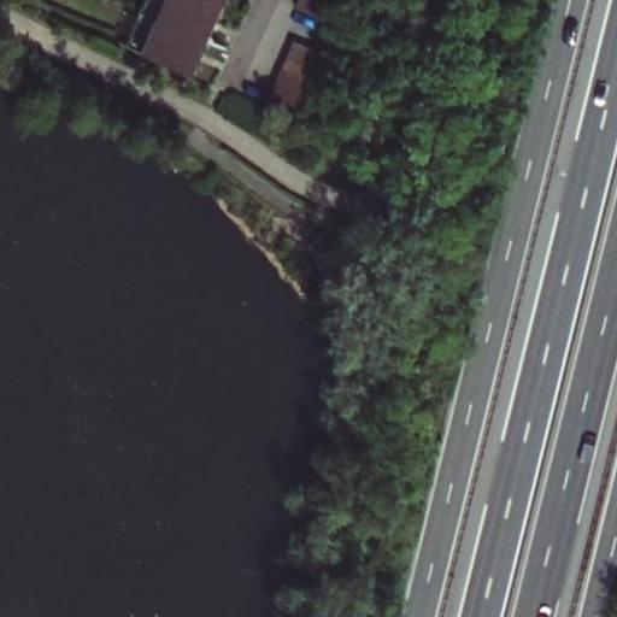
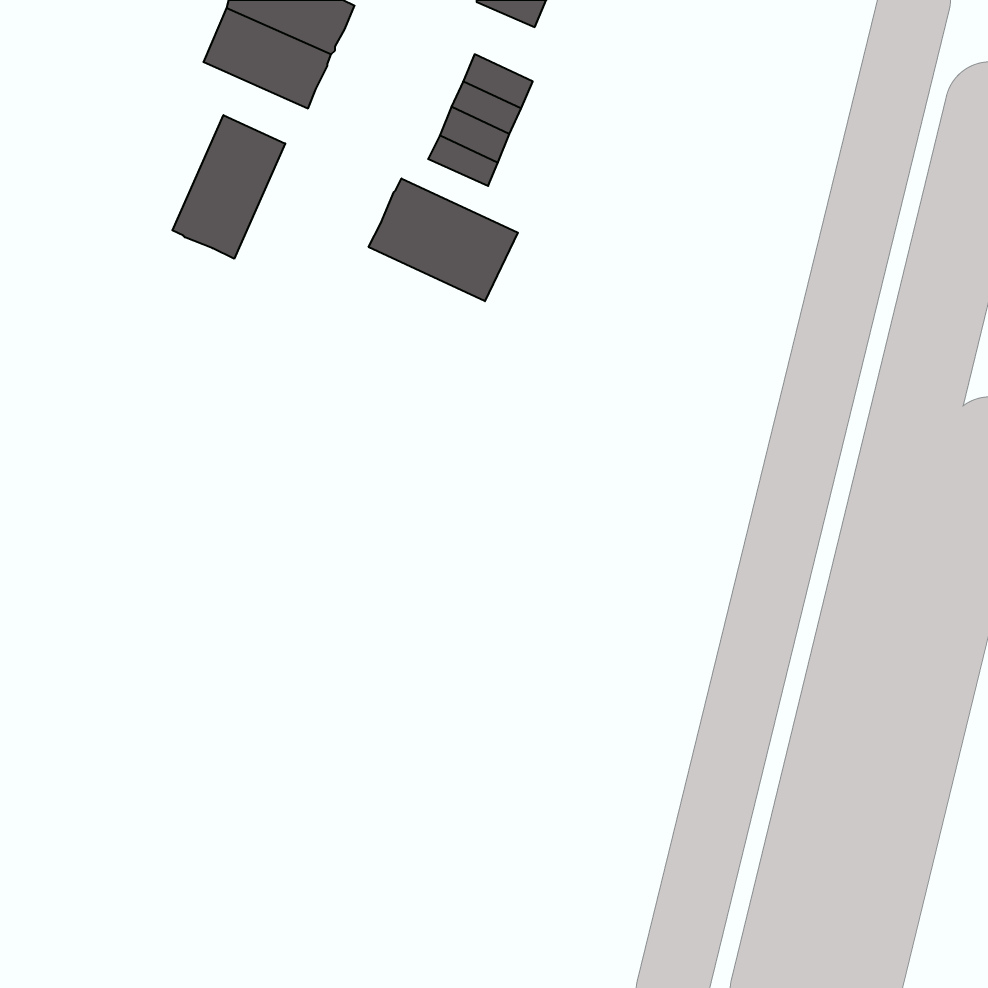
building: none -> [172,115,285,259]
building: none -> [369,178,518,301]

